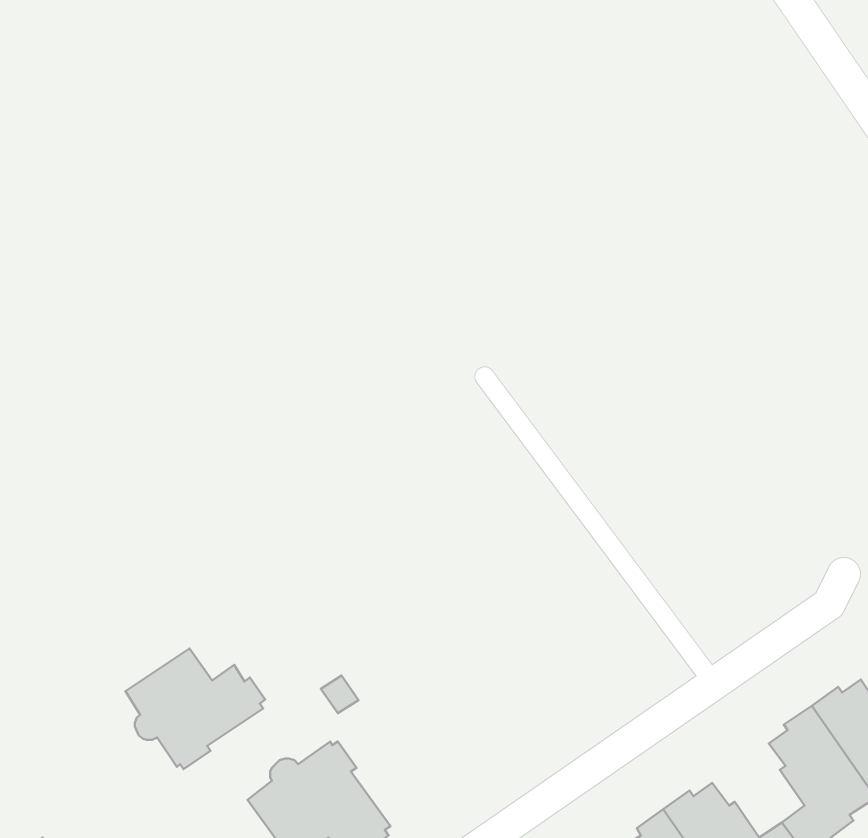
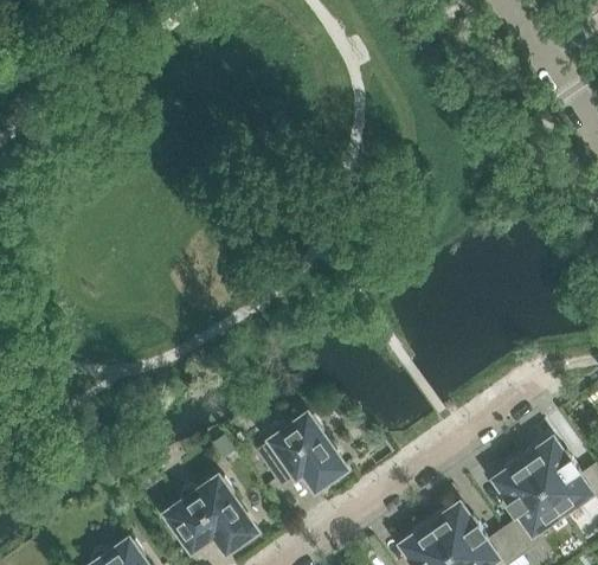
building: none -> [255,416,345,490]
building: [125,649,265,769] -> none

